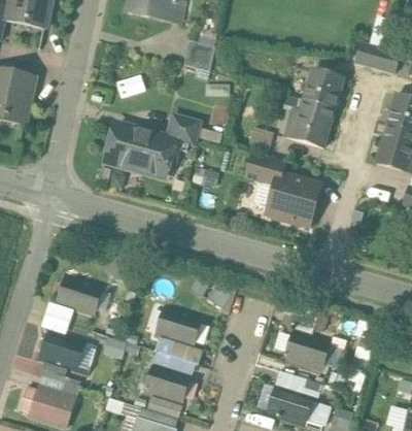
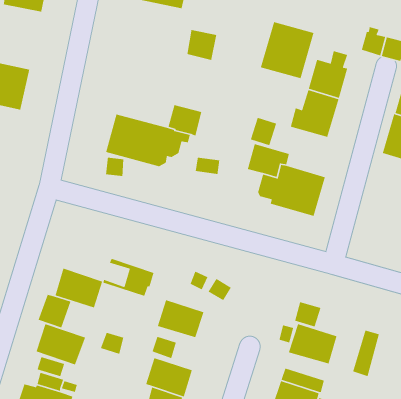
building: none -> [260,21,315,79]
building: [150,336,201,374] -> [103,258,154,297]

